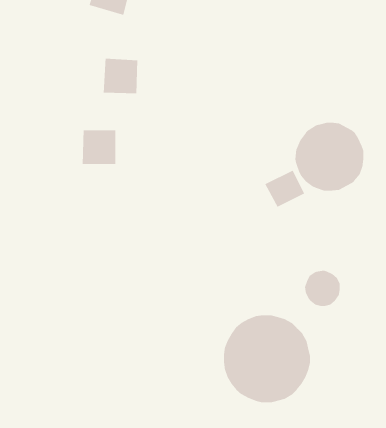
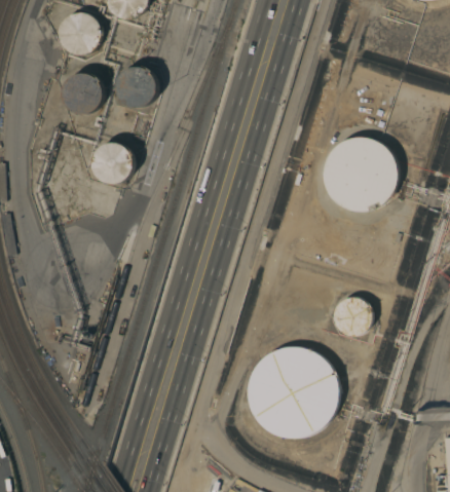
building: none -> [61,12,99,52]
building: none -> [62,69,107,116]
building: [264,169,305,208] -> none

